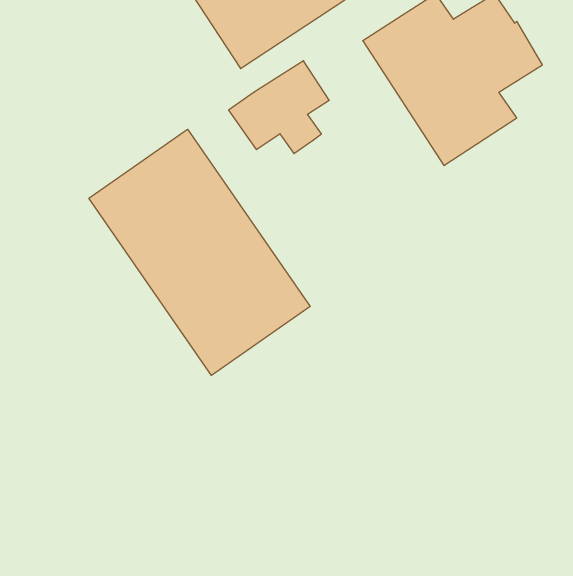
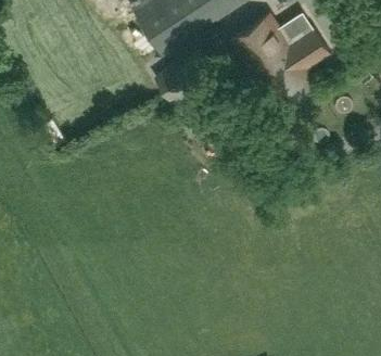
building: [89,129,310,375] -> none

